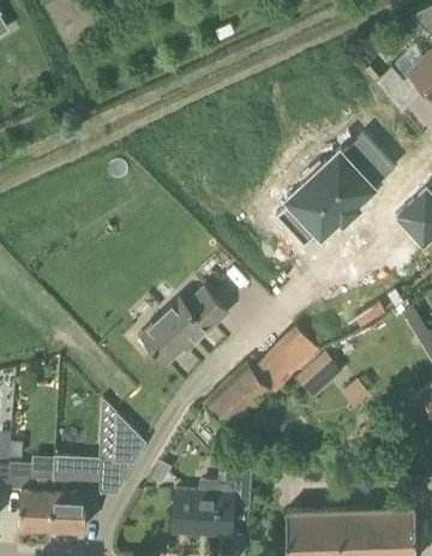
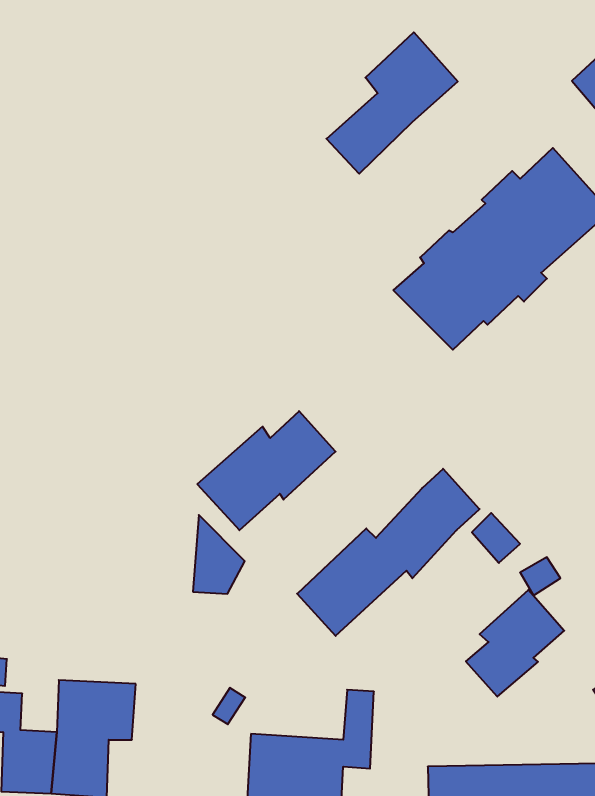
building: none -> [326,32,458,174]
building: none -> [466,590,564,697]
building: [113,414,145,464] -> [193,515,245,594]

